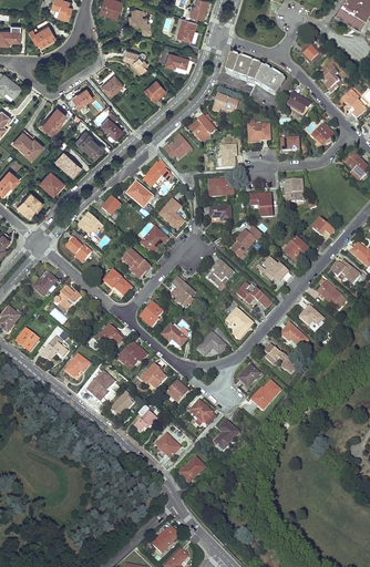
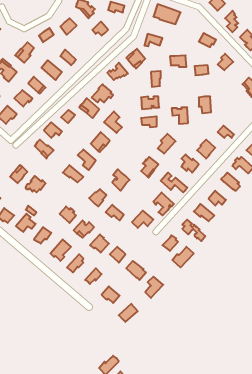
building: [256,66,286,95] -> none

